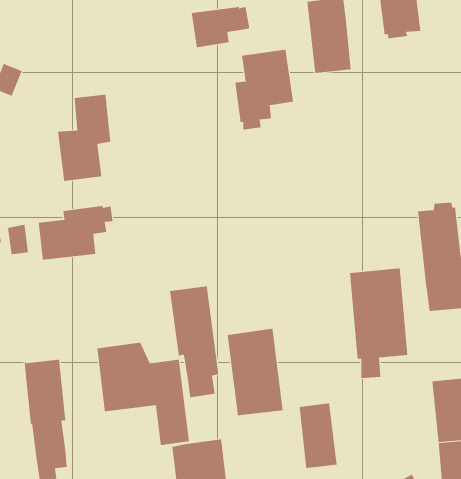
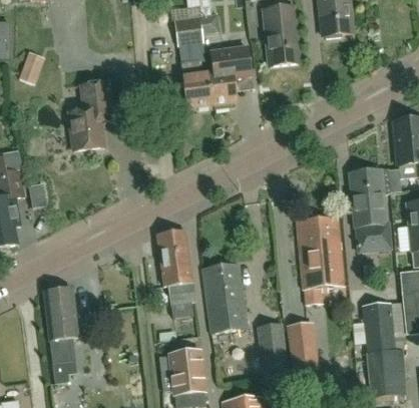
building: none -> [180,58,212,106]
building: [38,205,113,261] -> none
building: [97,342,189,446] -> none
building: none -> [288,320,320,369]

